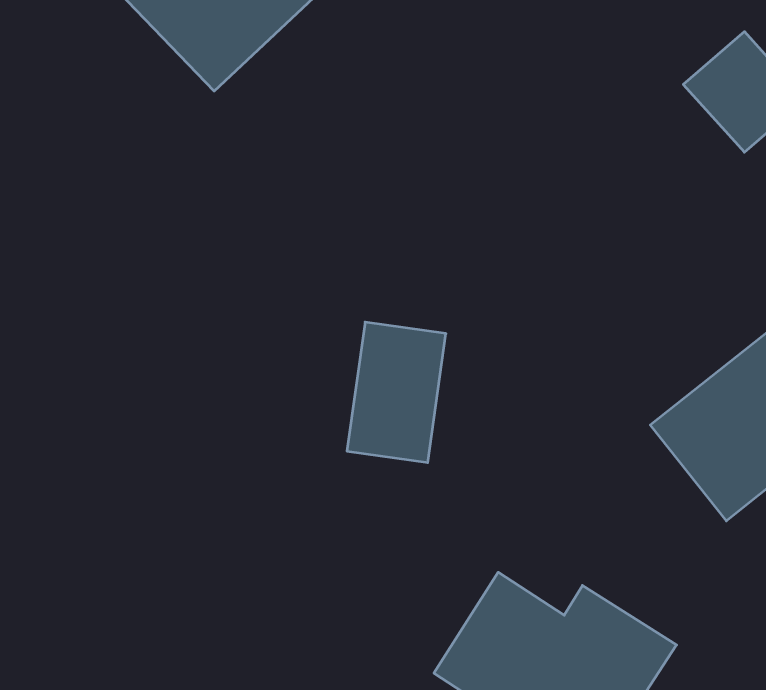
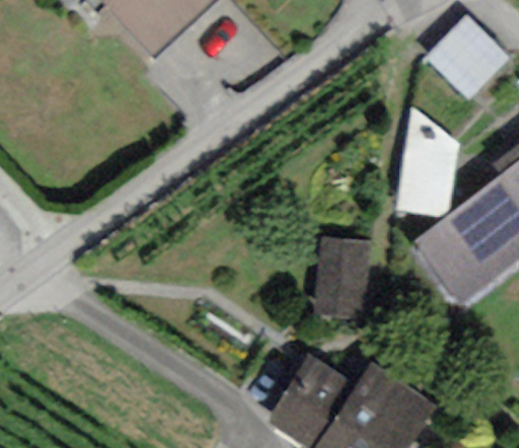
building: none -> [398,105,461,211]
building: [347,322,446,463] -> [310,231,371,317]

